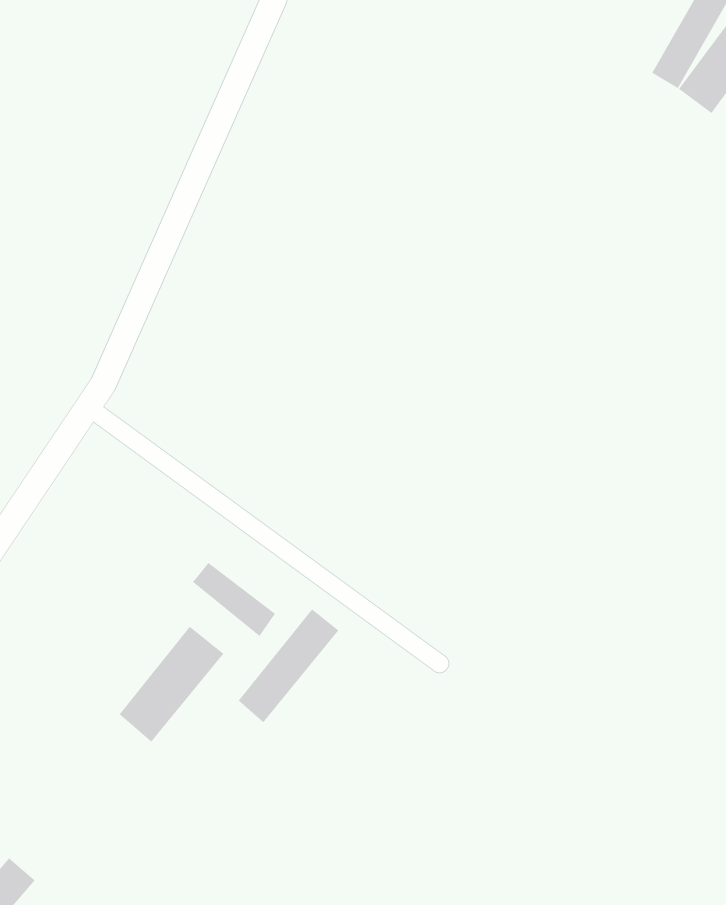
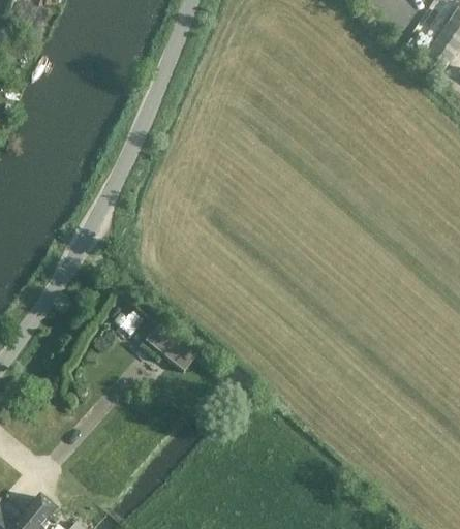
building: [238,608,339,723] -> none
building: [119,626,224,743] -> none

